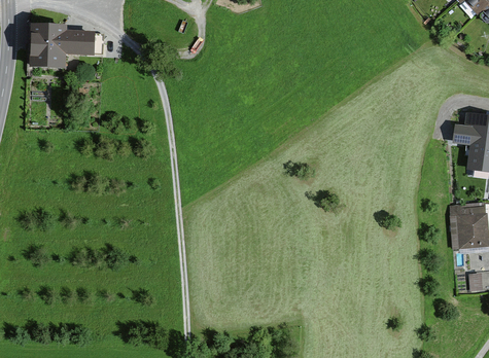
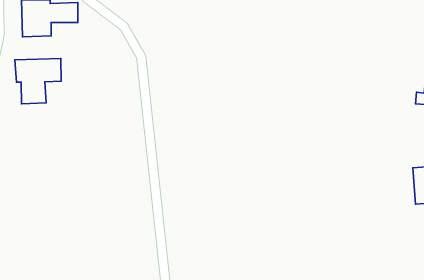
building: none -> [15,59,61,104]

